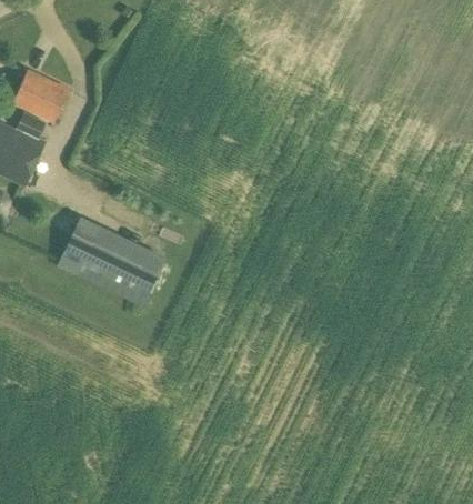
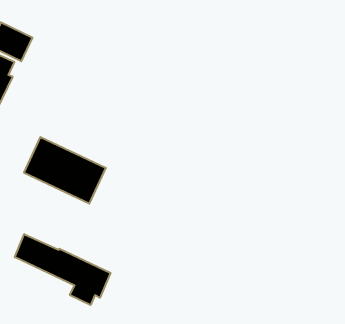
building: none -> [15,234,111,305]

